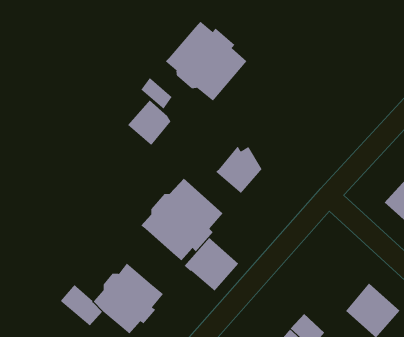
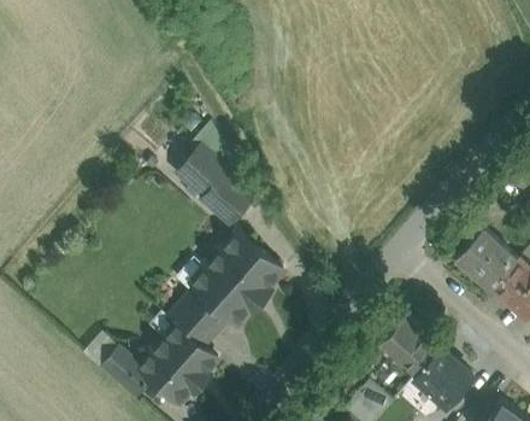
building: [165,21,247,102] -> none
building: [216,145,263,194] -> [202,173,254,226]
building: [184,237,239,291] -> [170,290,230,349]
building: none -> [382,318,441,379]

